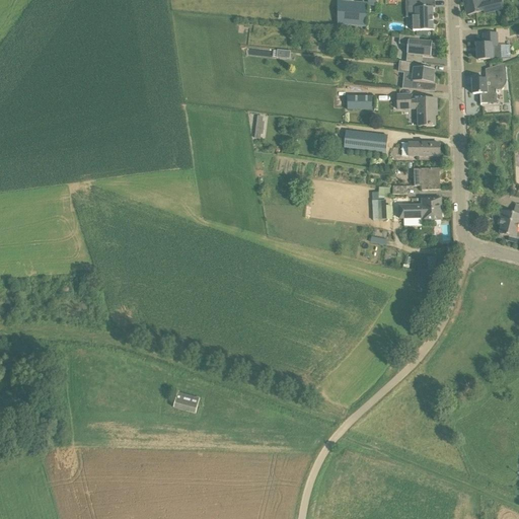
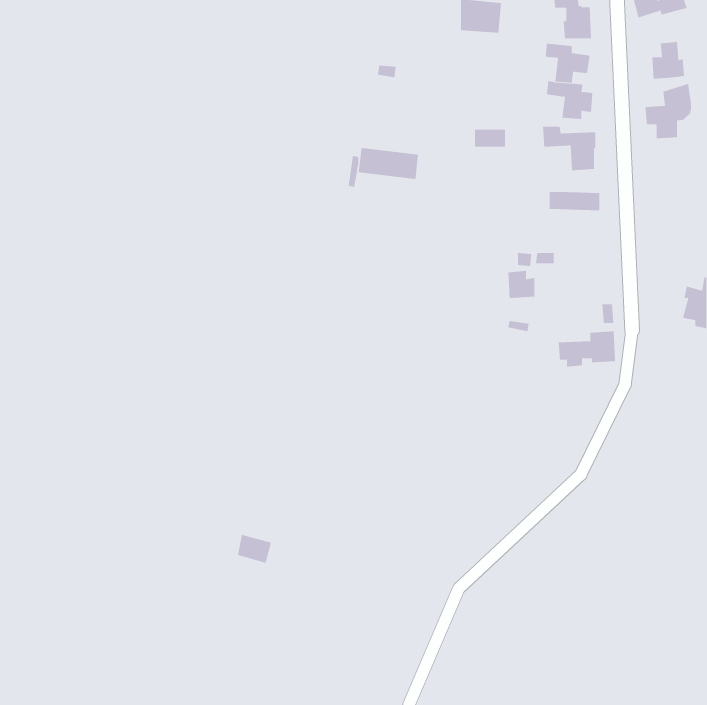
building: [343,128,387,151] -> [358,148,419,179]
building: [414,166,440,189] -> none
building: [398,196,441,222] -> [558,331,616,367]

